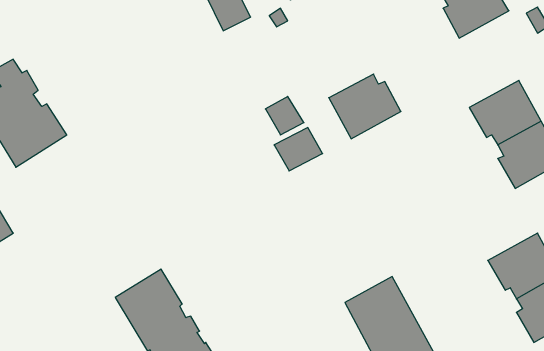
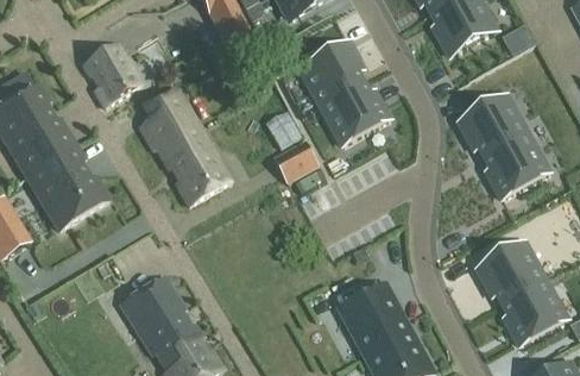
building: none -> [81,40,138,104]
building: none -> [303,45,367,109]
building: none -> [137,86,228,202]
building: none -> [25,145,107,228]

